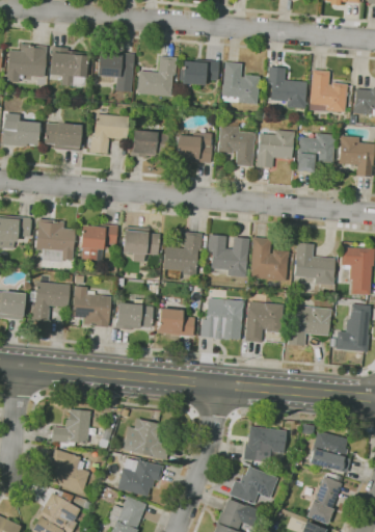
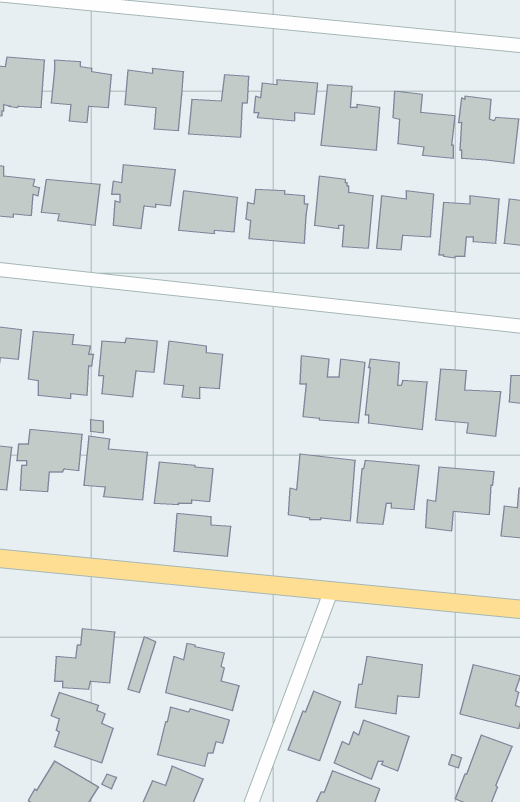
building: [163,232,202,275] -> none
building: [158,309,194,336] -> [174,514,231,556]
building: none -> [288,691,341,761]

